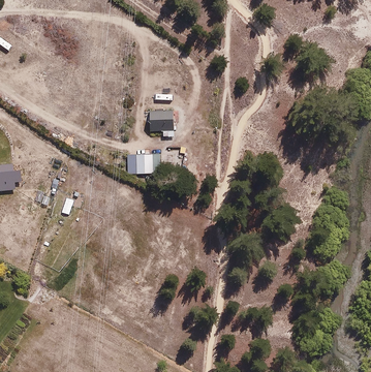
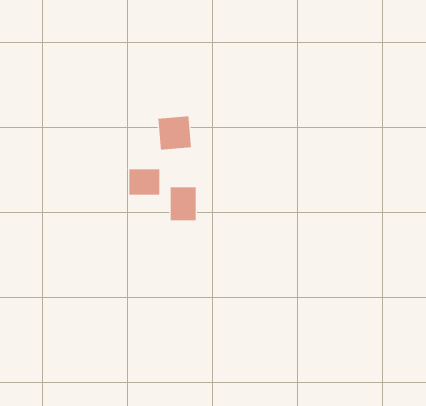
building: none -> [170,187,196,221]

